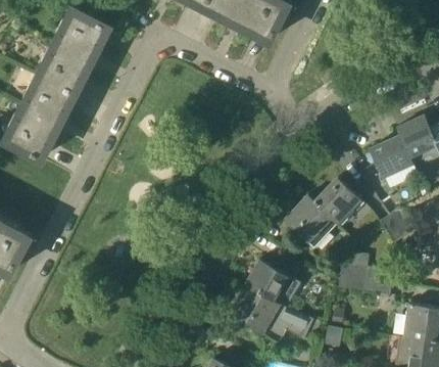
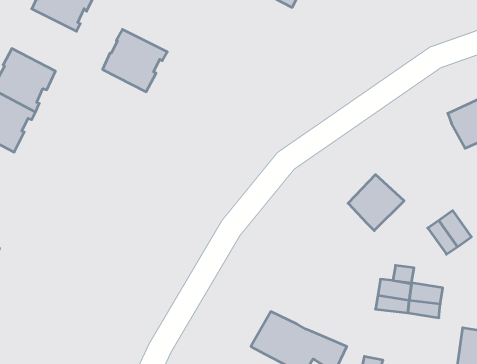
building: [40,41,93,92] -> [103,29,167,92]
building: [370,135,414,177] -> none
building: [285,194,337,246] -> none
building: [245,259,299,306] -> none

